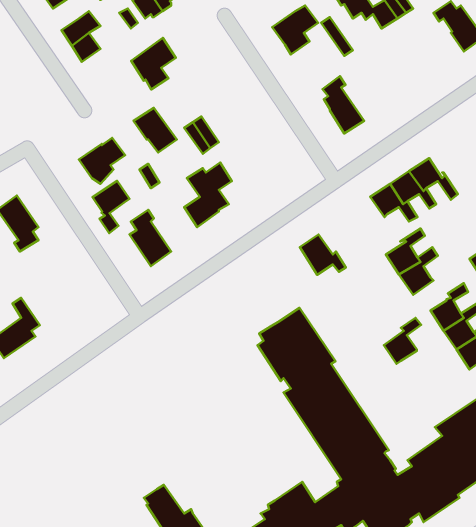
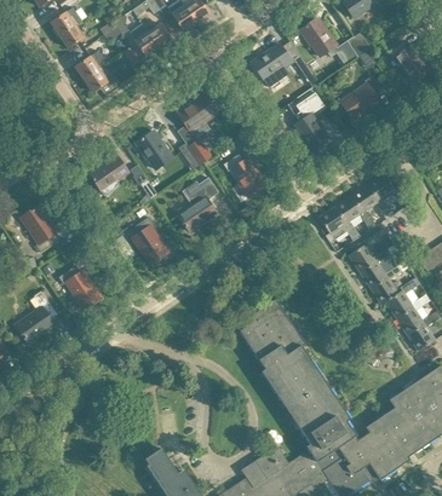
building: [131,38,176,90] -> [178,94,216,138]
building: none -> [340,75,381,119]
building: none -> [223,154,265,196]
building: [93,181,129,233] -> none
building: [300,234,346,275] -> [318,206,357,240]
building: none -> [58,266,101,310]
building: [384,318,421,364] -> [371,265,402,304]

